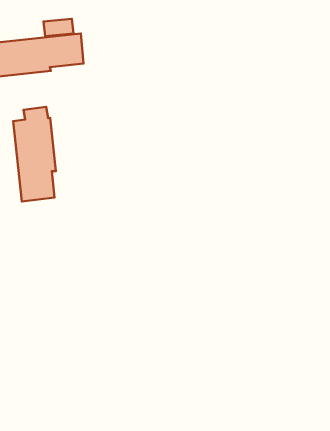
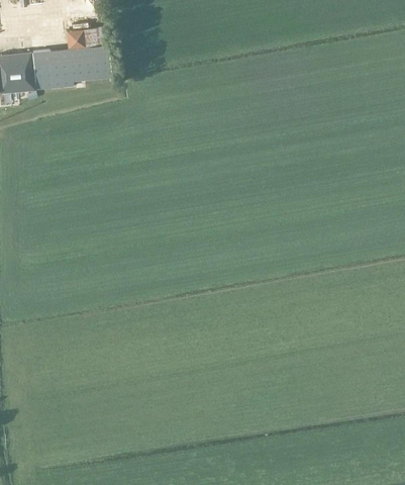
building: [13,107,56,202] -> none

